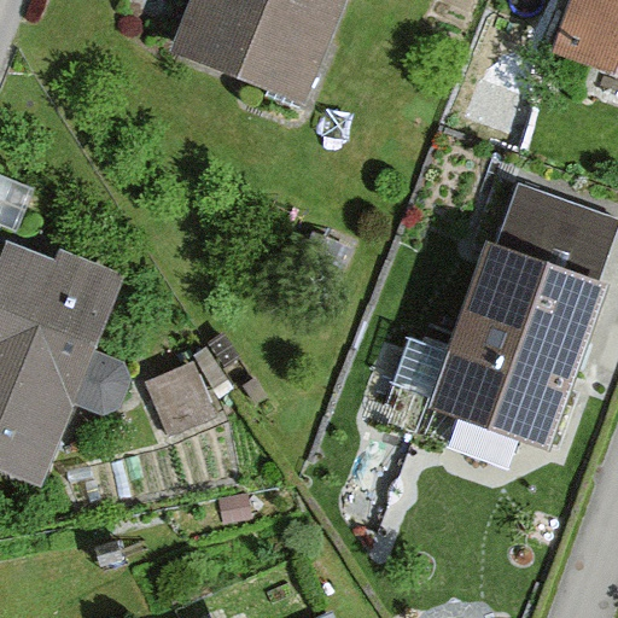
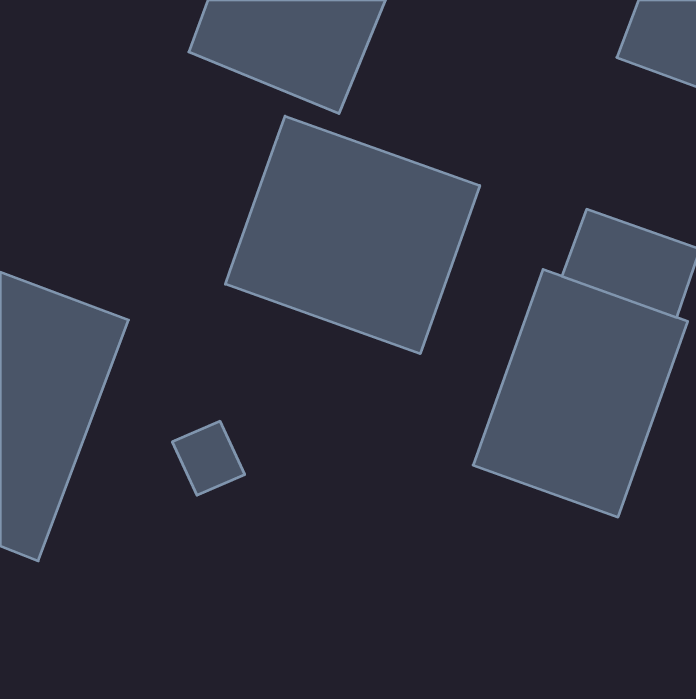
building: none -> [225,116,480,354]

